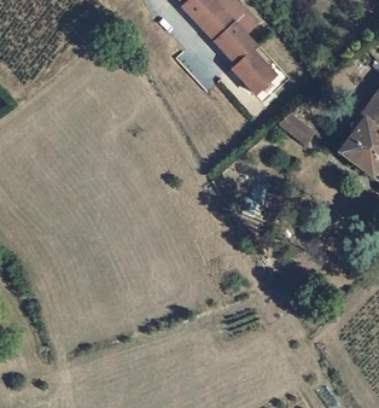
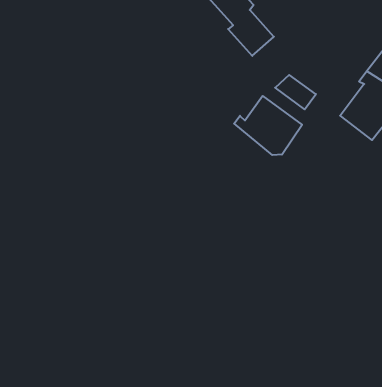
building: none -> [234,96,302,155]

